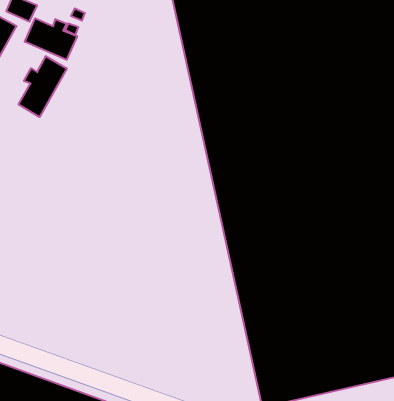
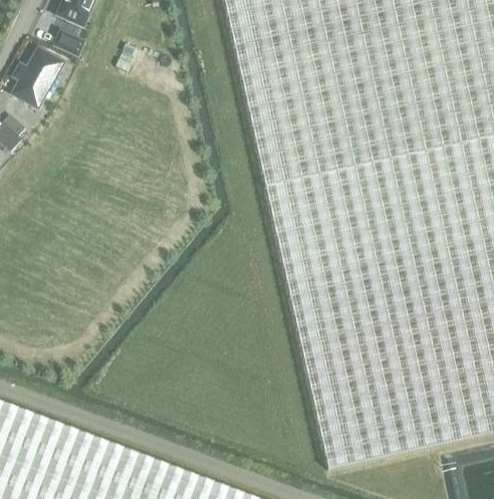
building: [25,18,77,60] -> none
building: [19,56,67,117] -> none

